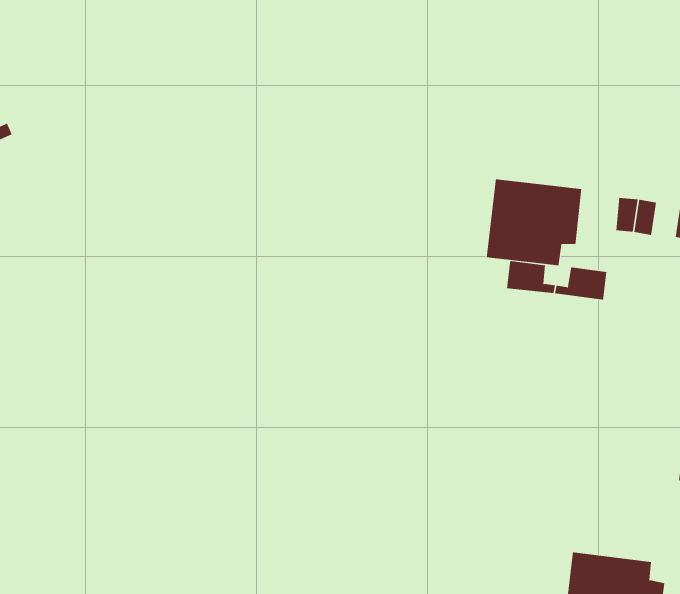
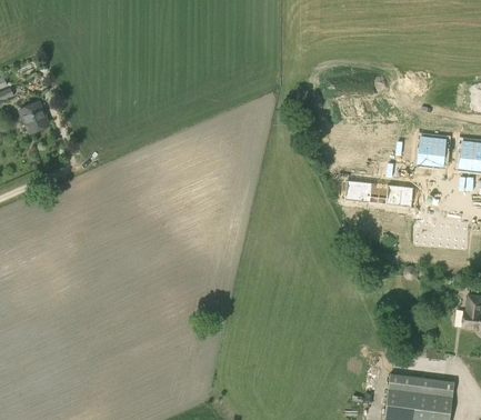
building: none -> [20,101,50,133]
building: [486,178,582,266] -> none

